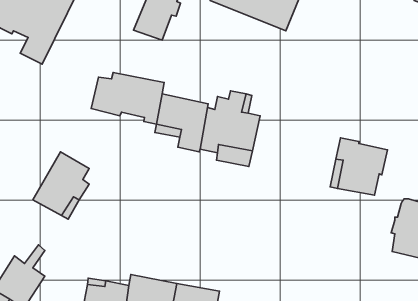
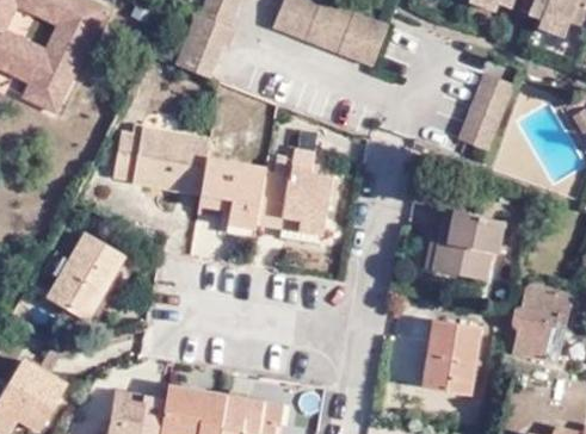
building: none -> [456,74,513,153]
building: none -> [426,322,485,397]

